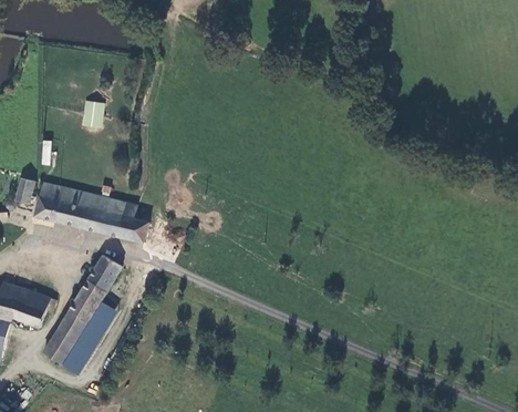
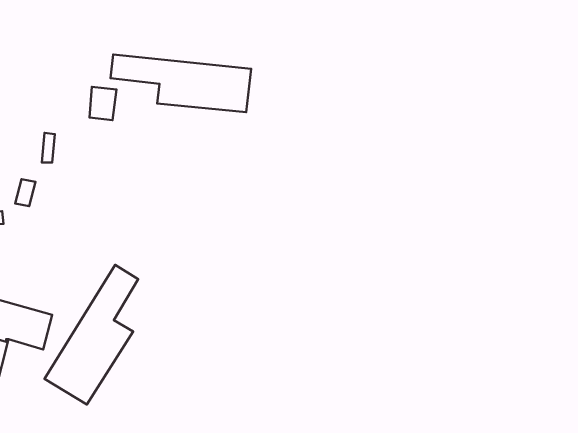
building: none -> [110,54,251,112]
building: [33,181,142,241] -> none

